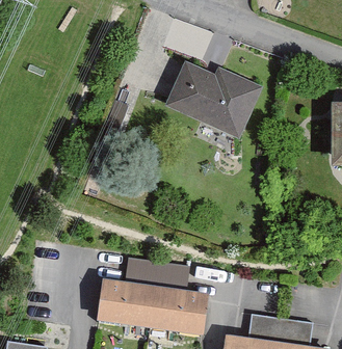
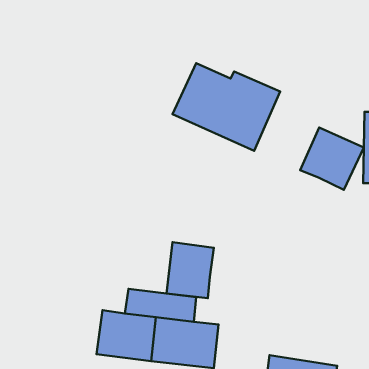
building: none -> [300,127,364,190]
building: none -> [166,242,214,298]

